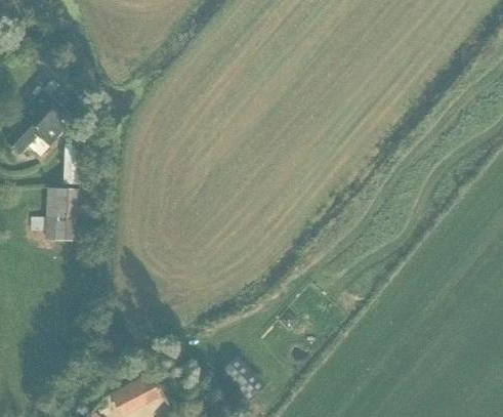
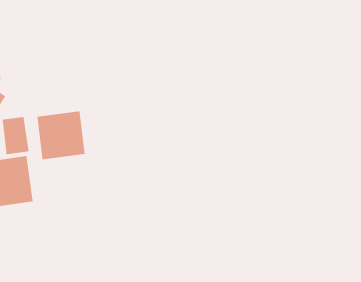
building: none -> [37,111,85,160]

